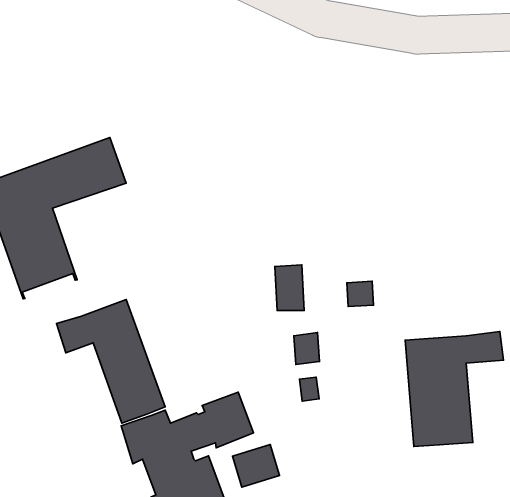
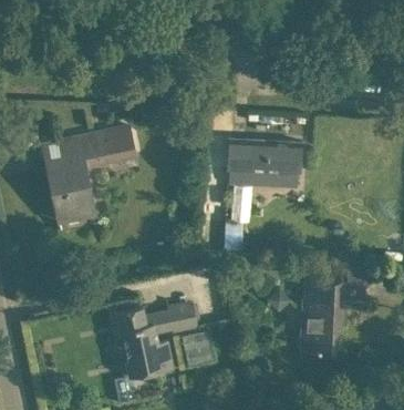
building: none -> [226,141,302,195]
building: [56,299,165,423] -> none

